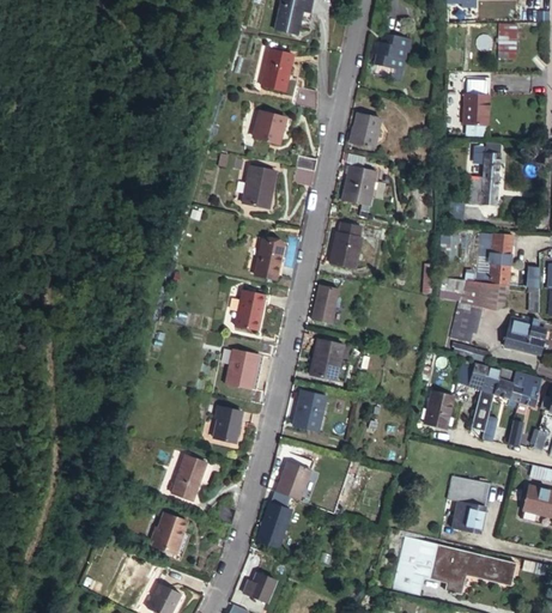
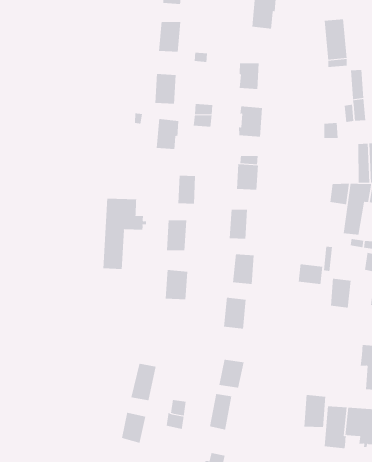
building: none -> [103,198,147,270]
building: none -> [298,264,323,285]
building: [216,407,243,444] -> none
building: none -> [304,394,326,428]

